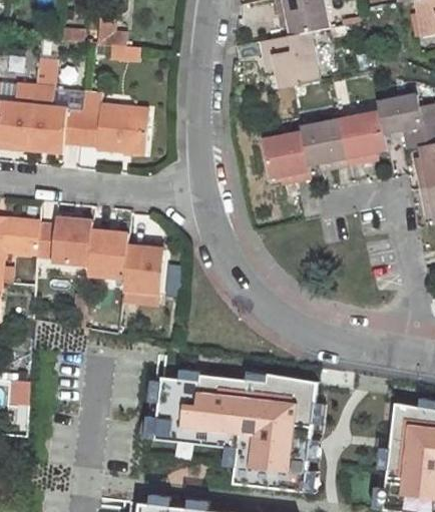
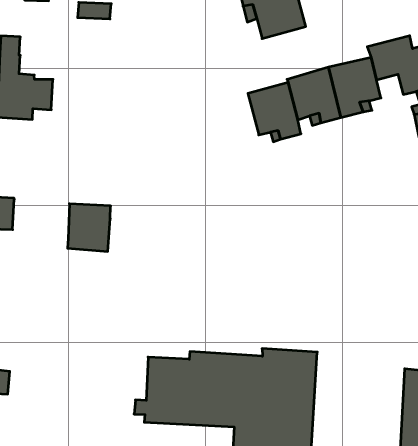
building: [80,92,148,152] -> none
building: [37,217,93,263] -> none
building: [125,246,165,292] -> none

